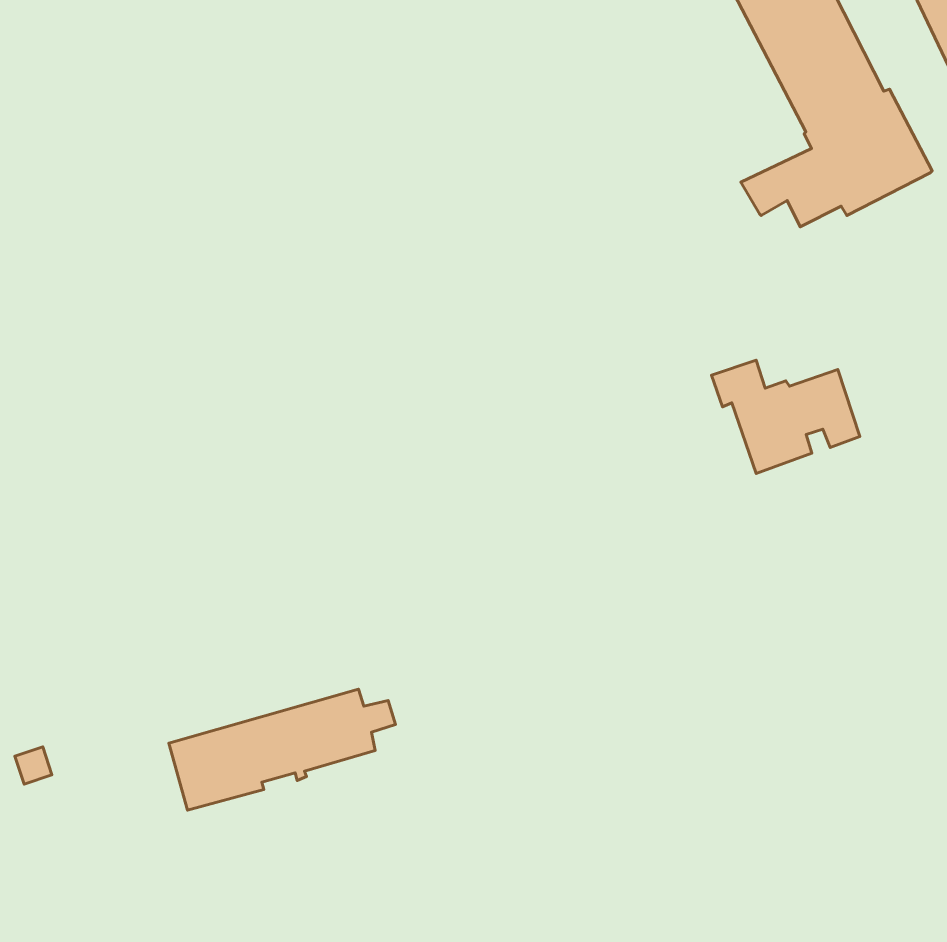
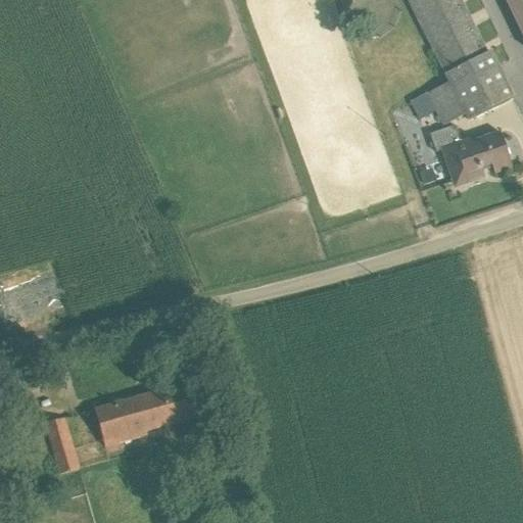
building: [711,360,860,474] -> [429,125,511,187]
building: none -> [45,417,78,473]

